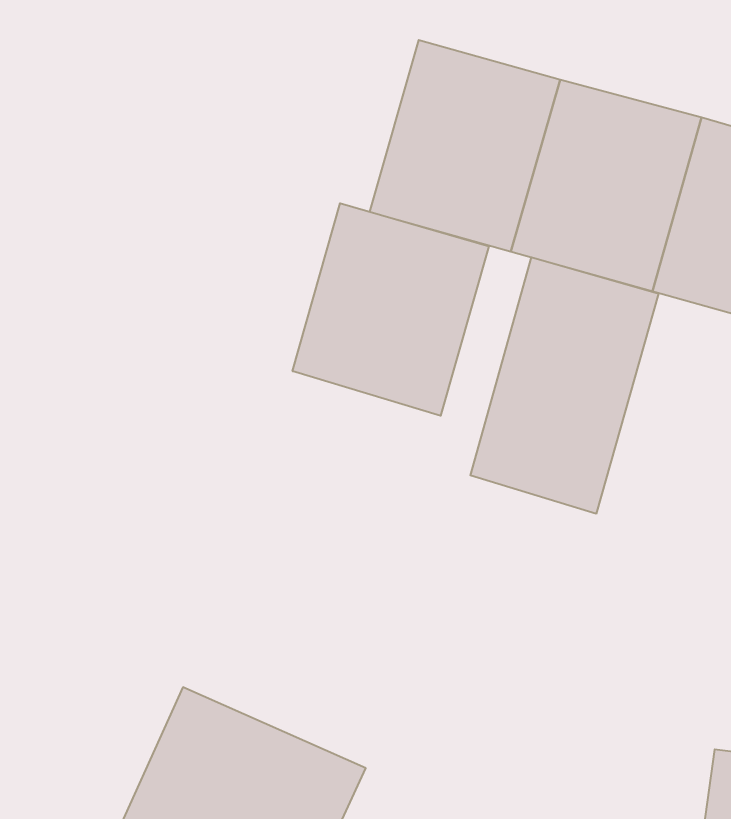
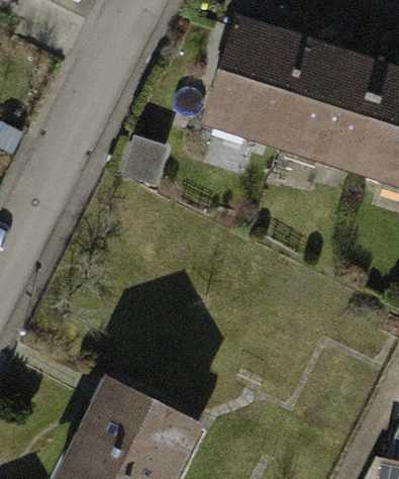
building: [293,203,489,416] -> none
building: [470,257,658,514] -> none

